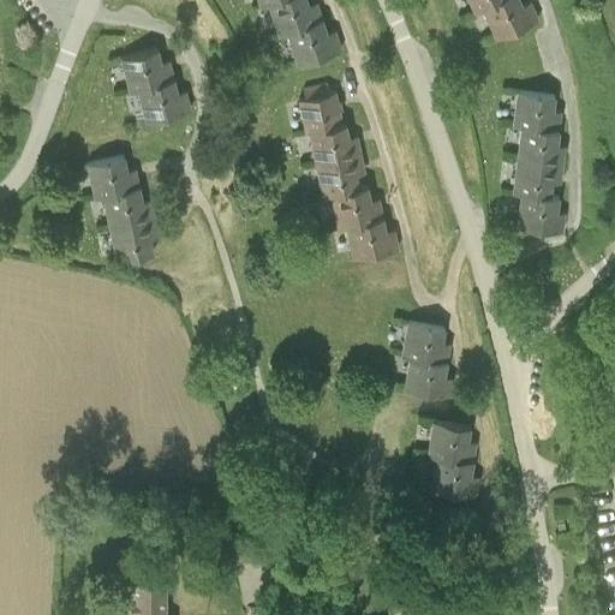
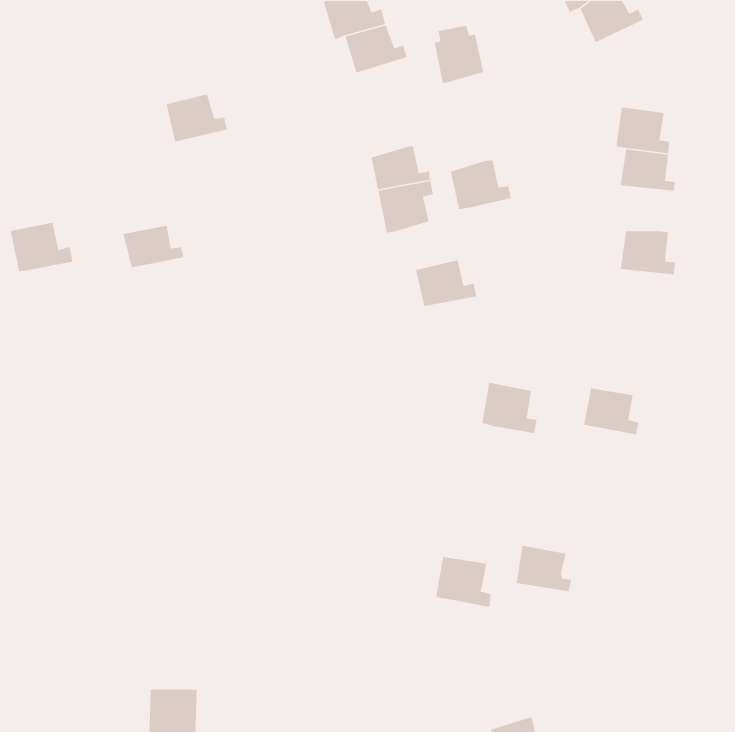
building: [123,49,174,92] -> none
building: [300,85,342,135] -> [434,25,484,84]
building: [88,157,141,199] -> [10,222,73,272]
building: [514,159,563,196] -> none
building: [332,187,383,229] -> [450,160,512,210]
building: [111,219,157,262] -> none
building: [405,359,452,399] -> [583,388,639,435]
building: [428,422,474,465] -> [435,556,492,608]

